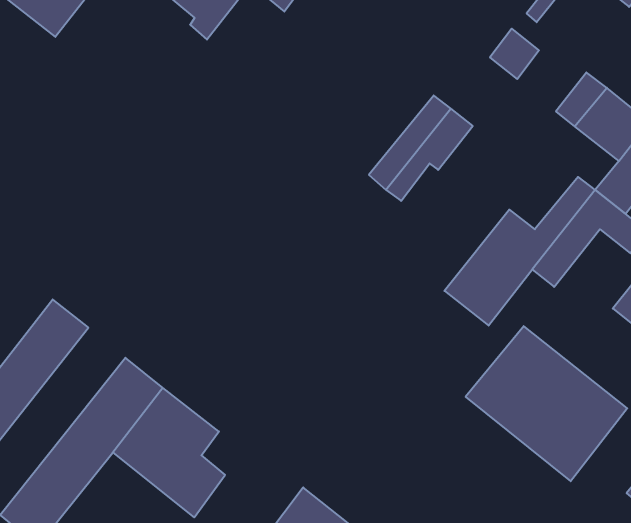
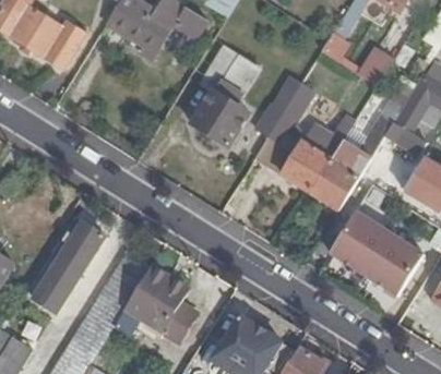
building: none -> [190,48,255,147]
building: none -> [282,113,355,191]

